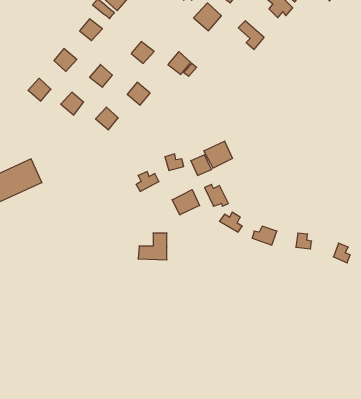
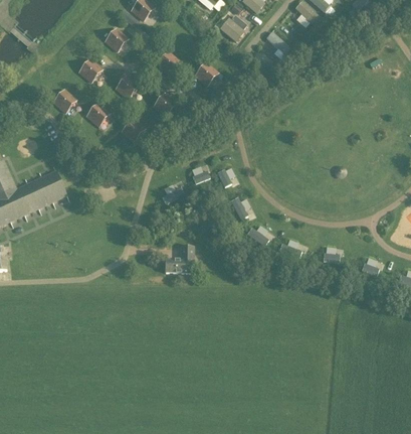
building: [204,141,233,168] -> none
building: [172,190,200,215] -> none

